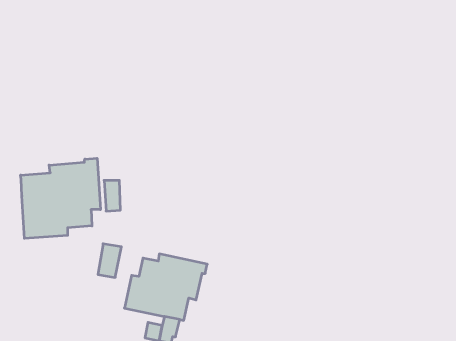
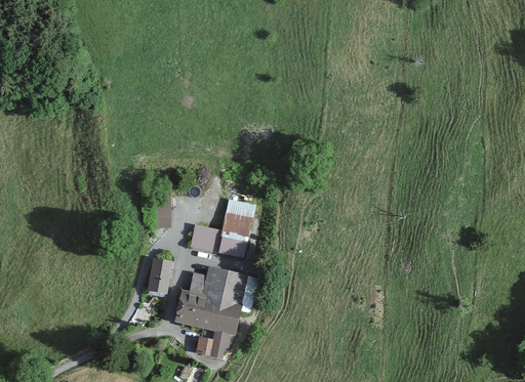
building: [21,158,100,238] -> none
building: none -> [191,199,253,255]

